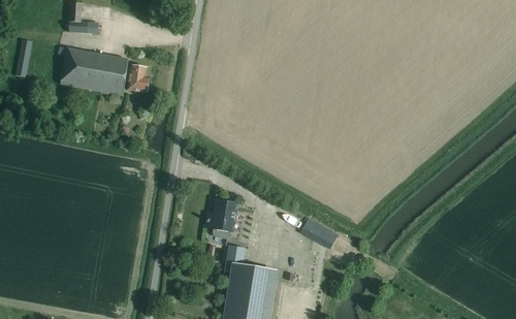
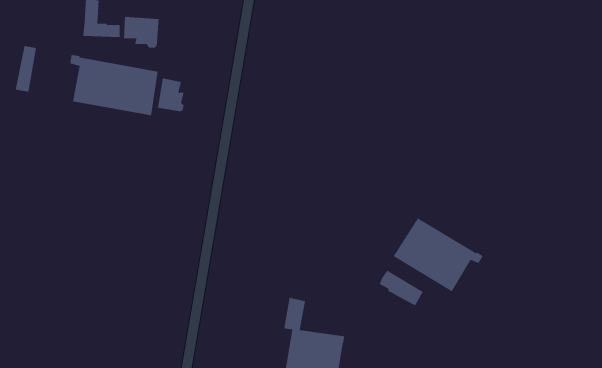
building: none -> [124,16,159,48]
building: none -> [393,217,484,292]
building: [207,201,237,238] -> none

